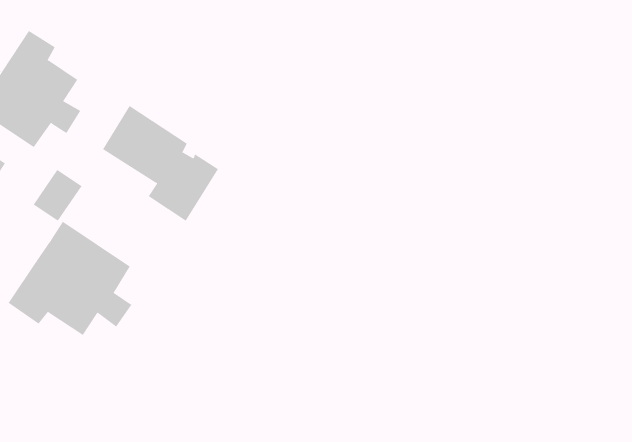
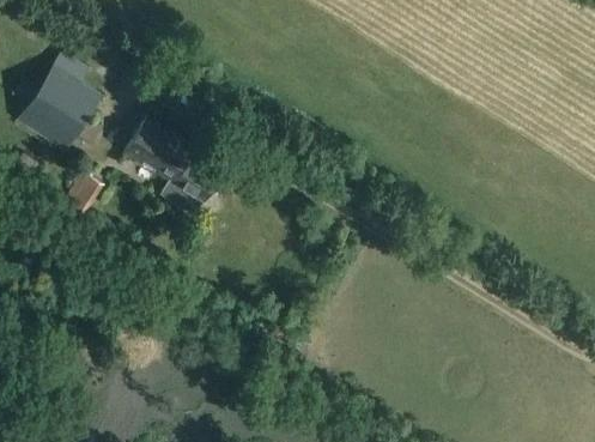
building: [8,221,132,336] -> none

